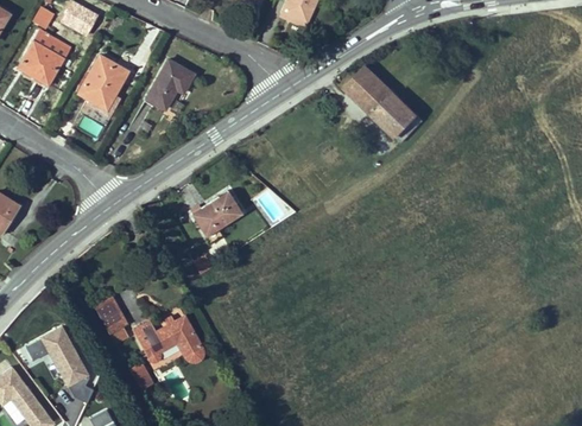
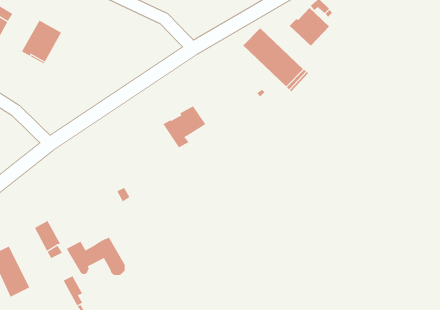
building: none -> [289,7,330,47]
building: [146,61,192,110] -> none
building: [190,191,242,242] -> [163,105,206,148]

